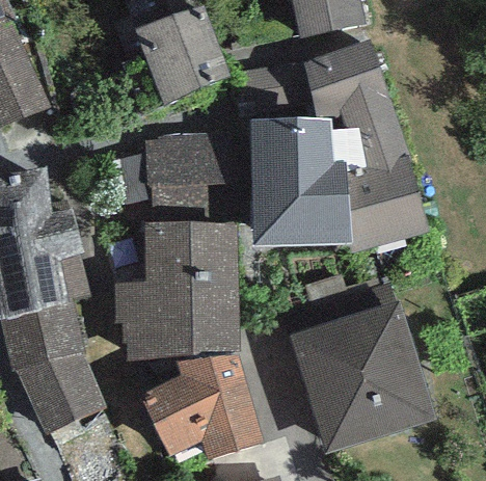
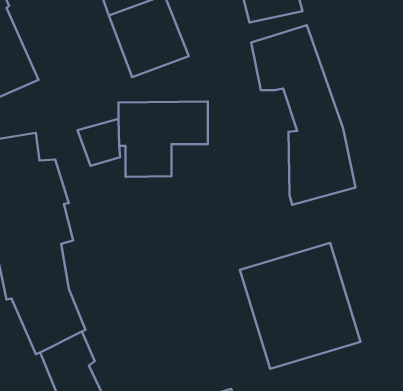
building: [251,118,349,245] -> none
building: [114,221,240,360] -> none
building: [139,355,266,459] -> none

